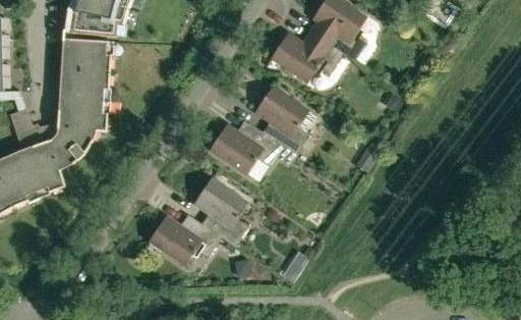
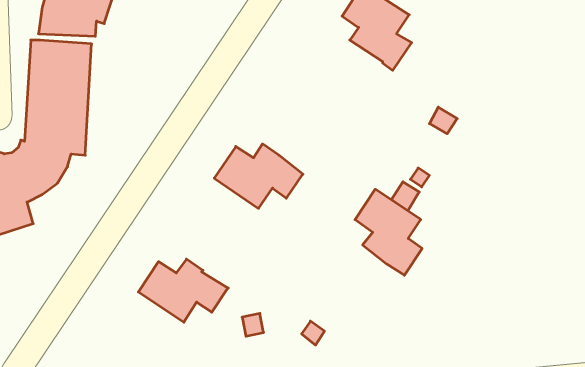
building: [270,31,345,82] -> none
building: [255,86,309,155] -> [355,189,422,275]
building: [194,179,248,248] -> none

